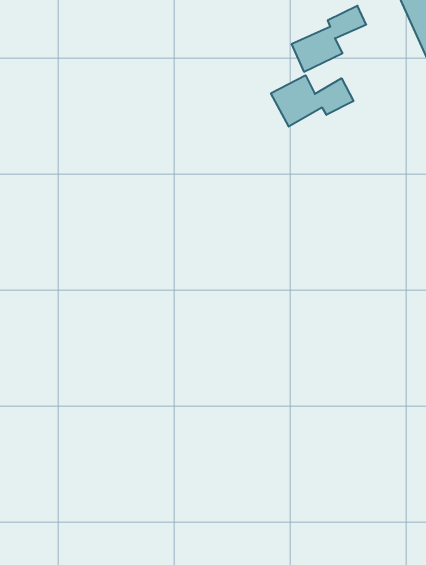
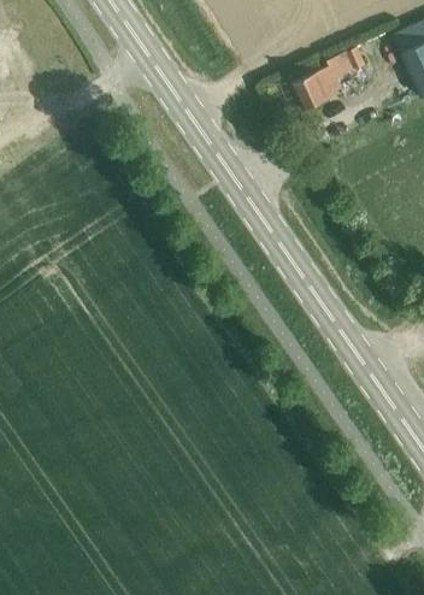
building: [271,75,353,127] -> none

